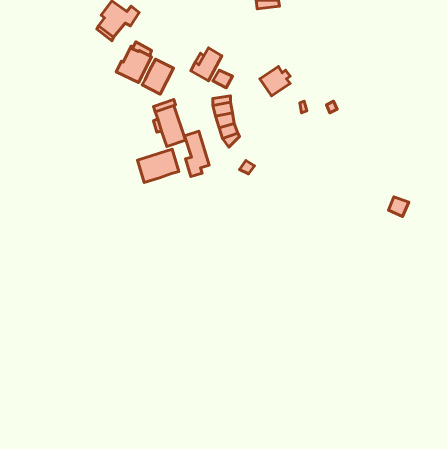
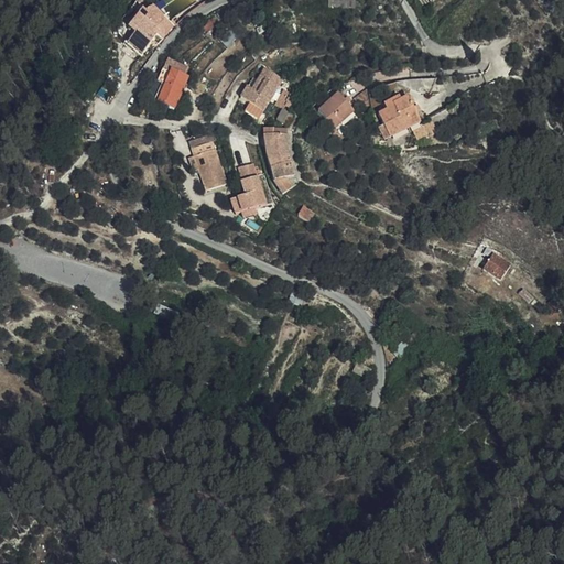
building: [142,59,173,94] -> none
building: none -> [380,95,423,139]
building: [137,149,179,182] -> none

